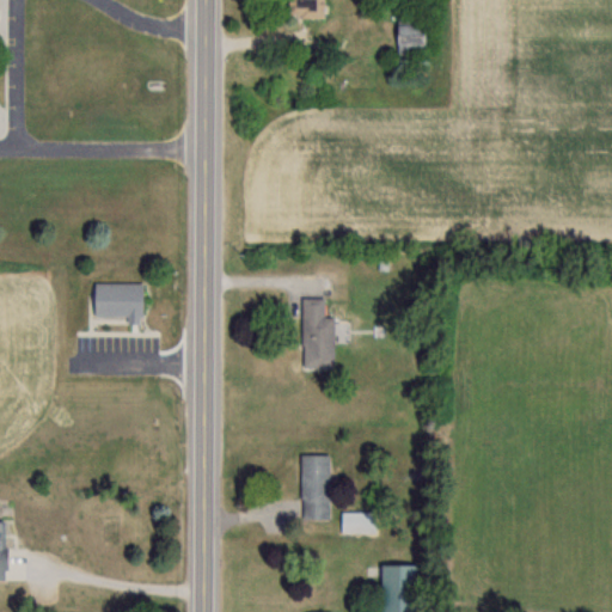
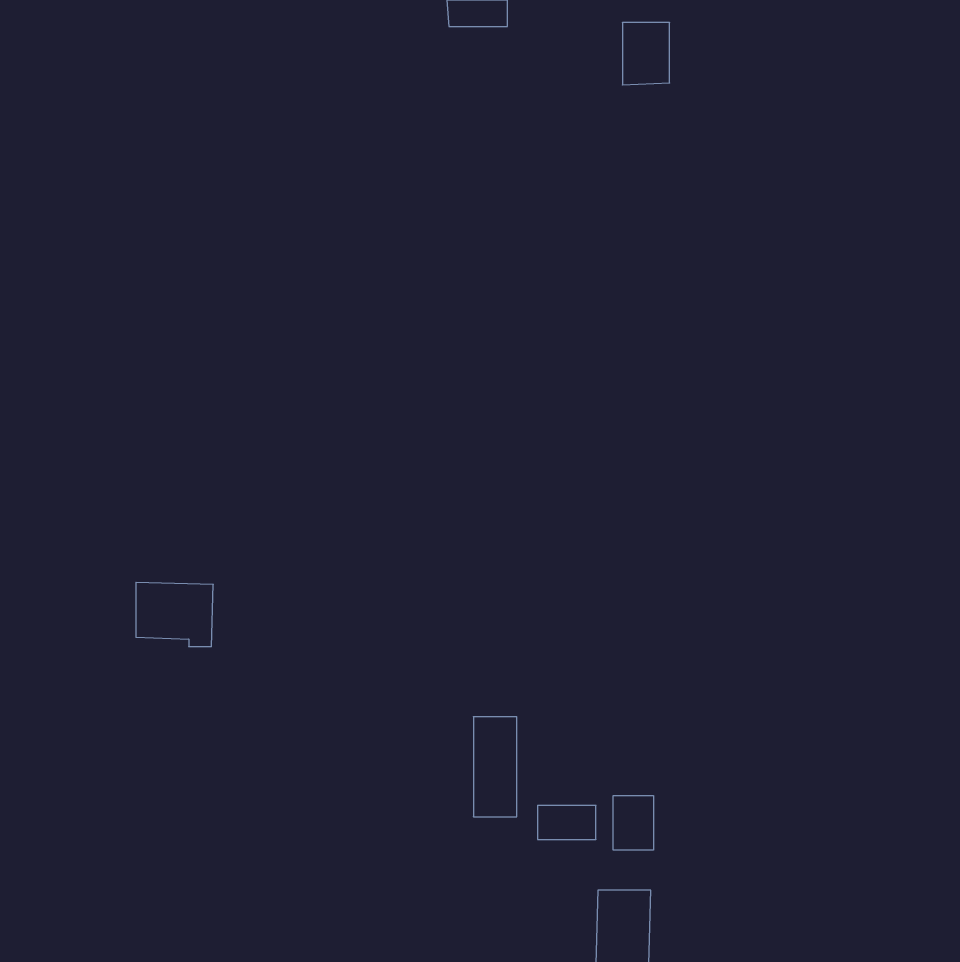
building: [94,283,143,324] -> [136,582,213,647]
building: [302,298,335,367] -> none
building: none -> [613,796,653,850]

